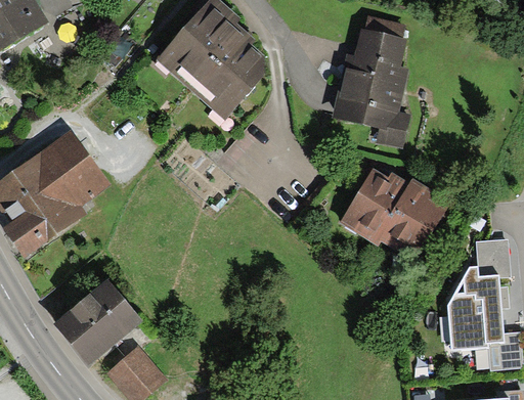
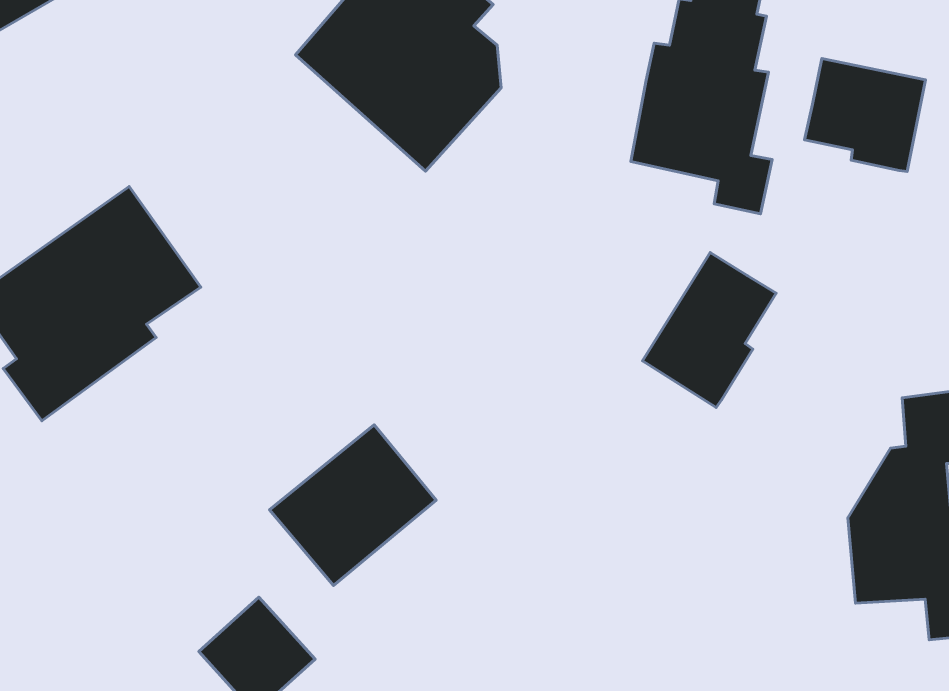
building: none -> [805,58,926,171]
building: [382,182,450,263] -> none
building: [52,277,140,362] -> [269,425,436,586]

